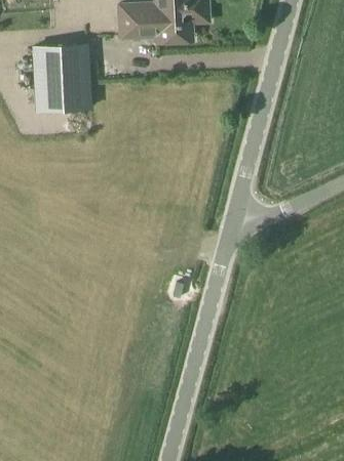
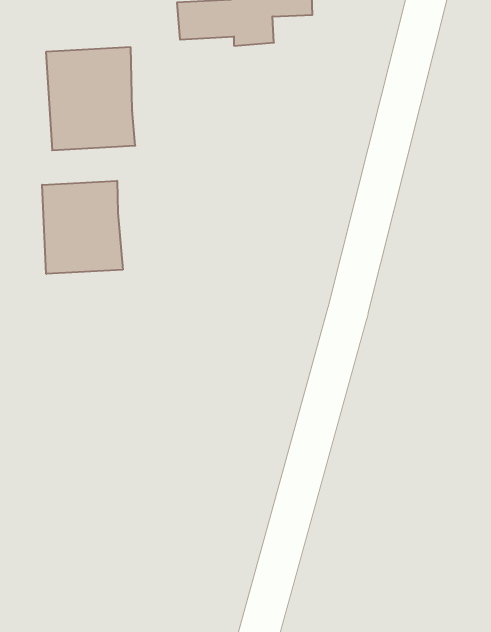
building: none -> [42,181,123,274]

